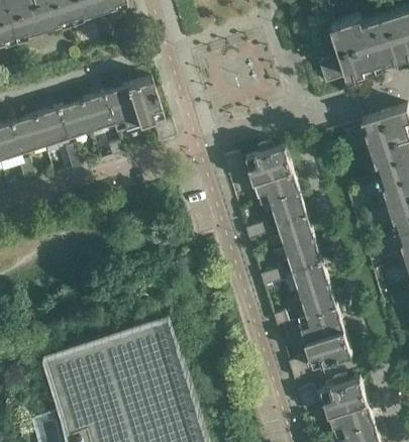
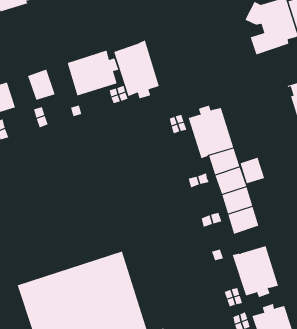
building: none -> [114,40,160,99]
building: [79,96,111,133] -> none
building: [32,111,66,148] -> none
building: none -> [240,157,265,184]
building: [298,288,336,320] -> none

